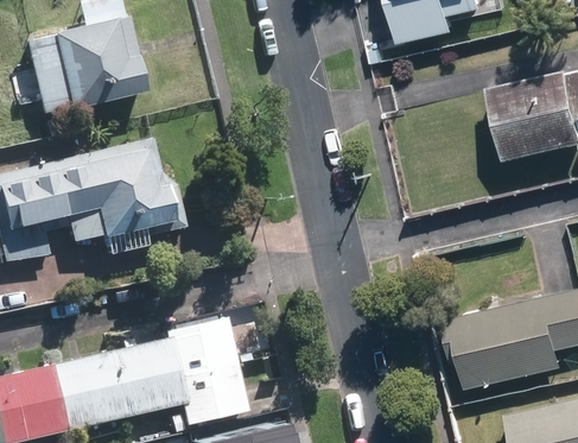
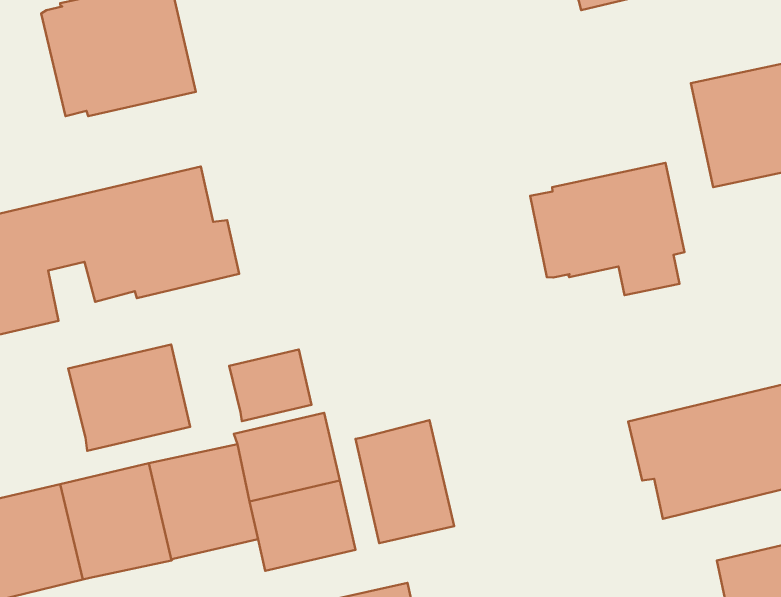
building: none -> [530,163,684,295]
building: none -> [68,345,190,451]
building: none -> [229,350,312,421]
building: none -> [355,420,454,543]

